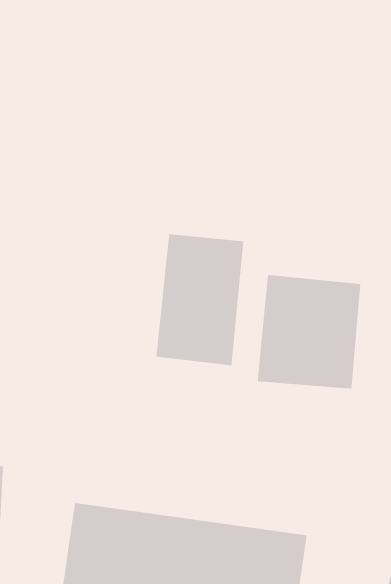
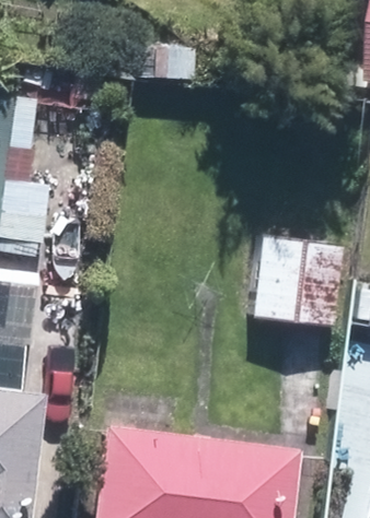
building: [156,233,244,366] -> none

